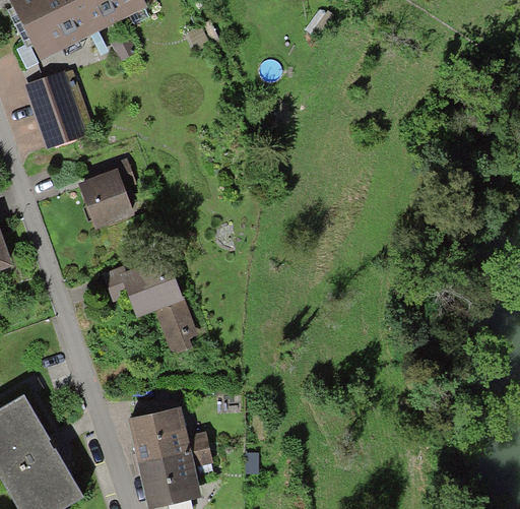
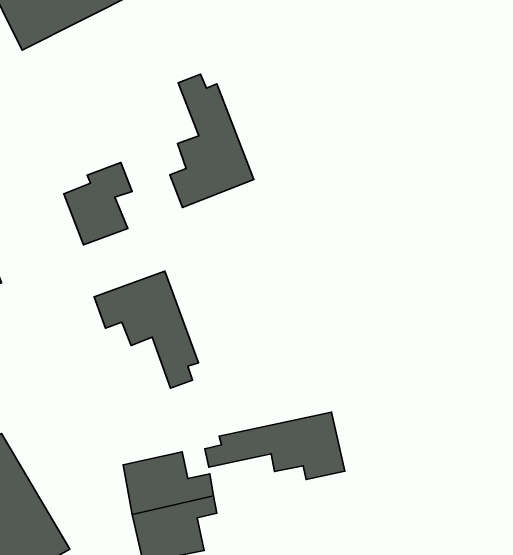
building: [25,69,93,148] -> none
building: none -> [170,74,254,208]
building: none -> [205,412,345,479]

